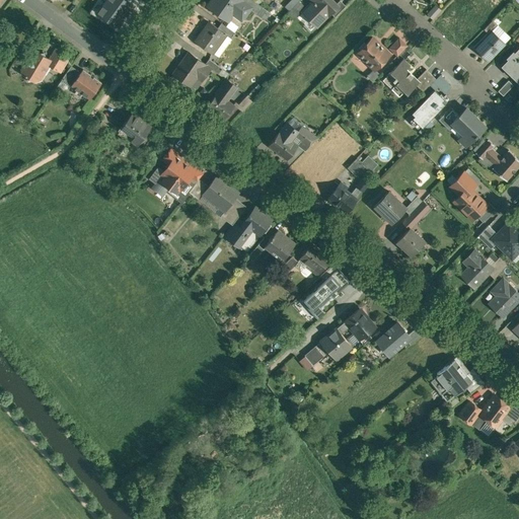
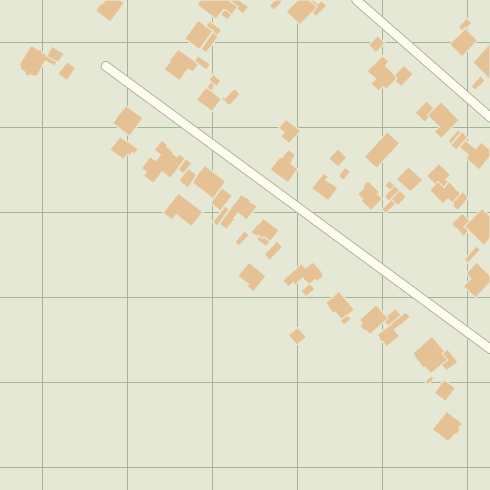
building: [357,39,389,82] -> none
building: [71,69,101,99] -> none
building: [409,90,446,129] -> [364,132,400,168]
building: [268,125,297,160] -> [270,149,298,183]
building: none -> [110,136,142,161]
building: none -> [163,193,203,227]
building: [395,228,424,254] -> [396,167,423,192]
building: [299,243,329,275] -> [237,262,266,292]
building: [460,249,494,288] -> none
building: [322,321,351,357] -> none
building: none -> [377,312,410,347]
building: [478,394,511,427] -> [432,411,463,442]

